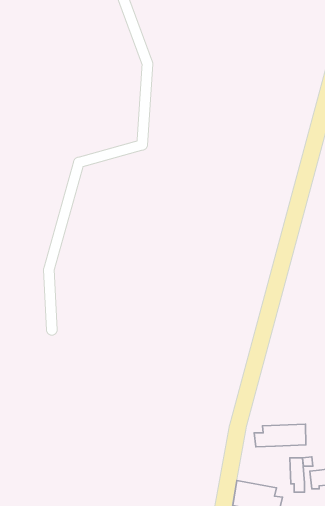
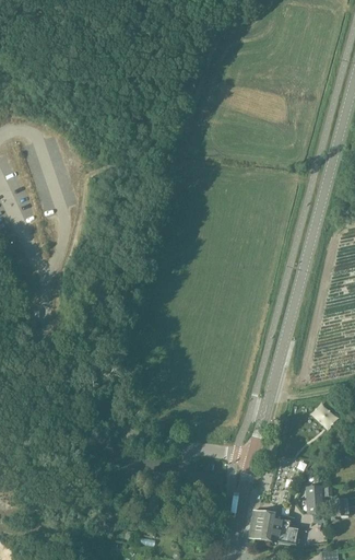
building: [254,424,306,447] -> none

